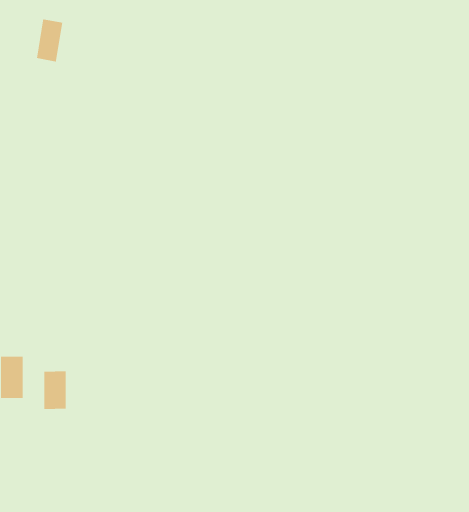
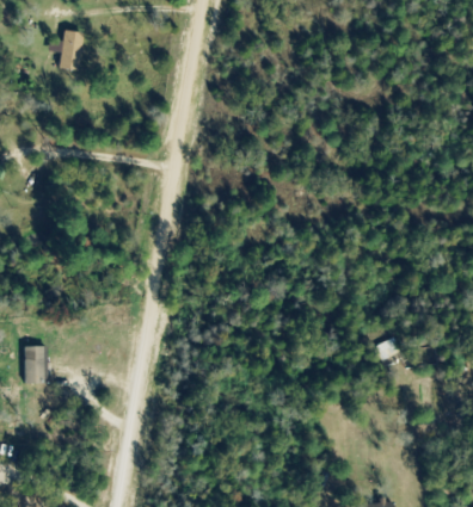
building: [44,371,66,410] -> none

